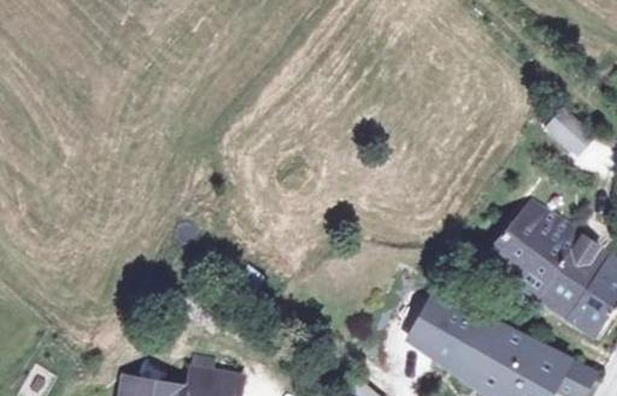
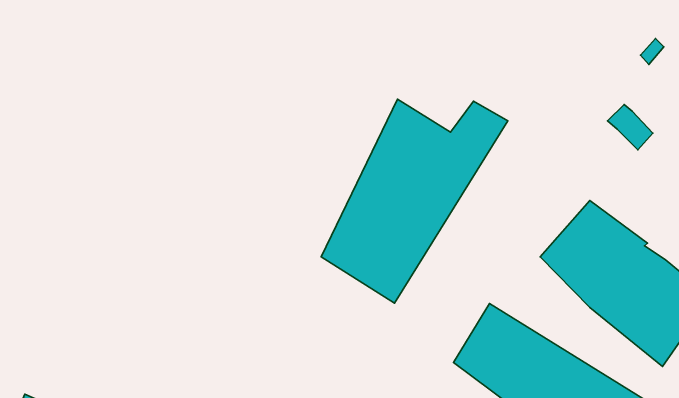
building: none -> [321,99,508,303]

